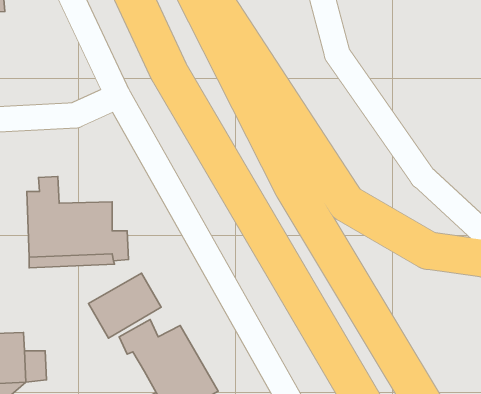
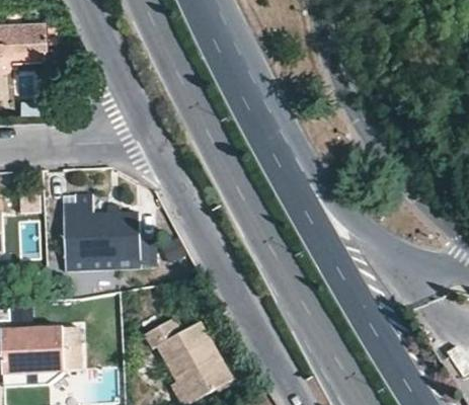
building: [88,273,161,338] -> none

